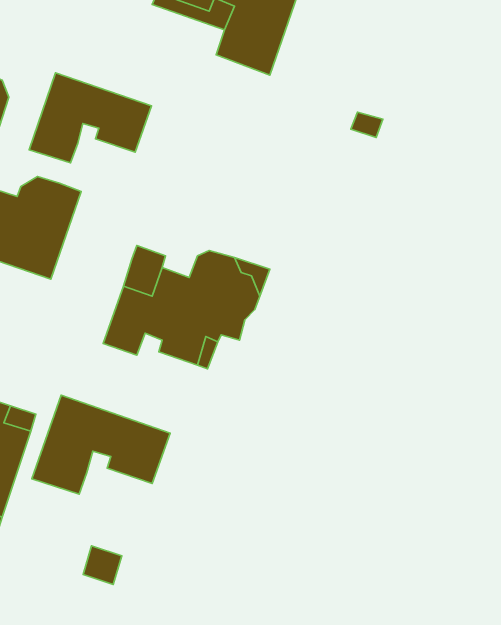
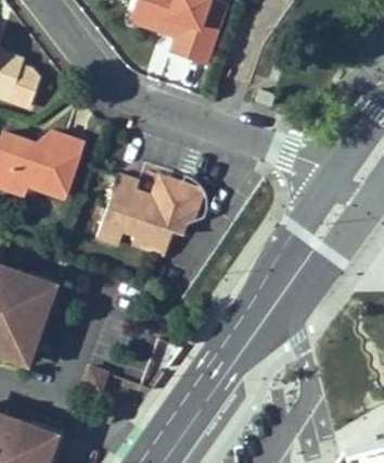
building: [29,73,151,163] -> none
building: [32,395,170,494] -> none

